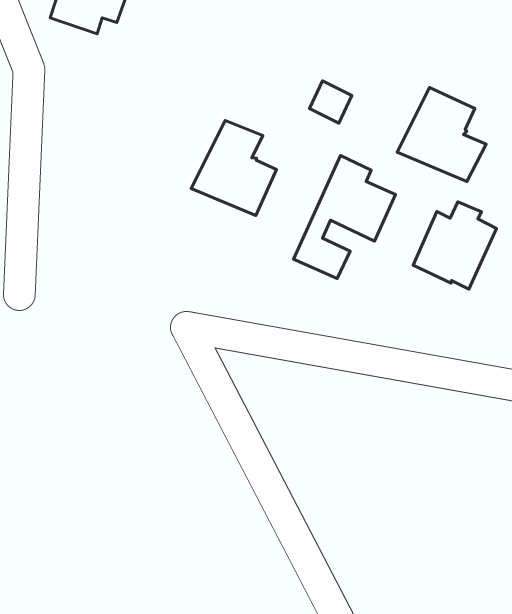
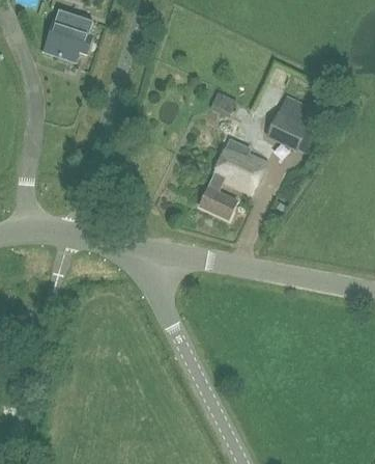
building: [191,121,276,215] -> none
building: [413,202,496,289] -> none

